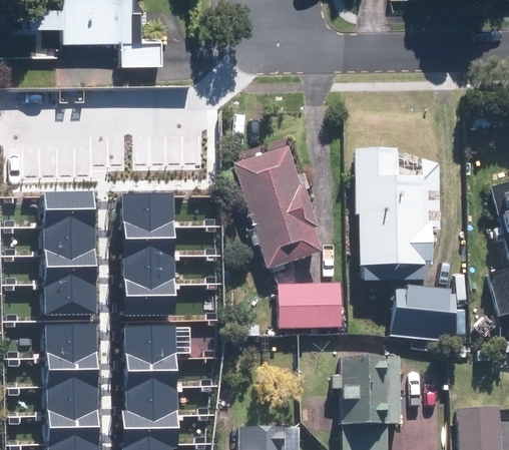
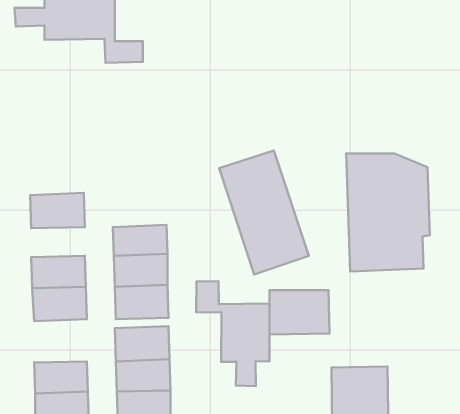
building: [124,189,177,223] -> none
building: [46,223,98,253] -> none
building: none -> [196,281,270,386]
building: [395,289,457,340] -> none
building: [48,322,100,355] -> none

